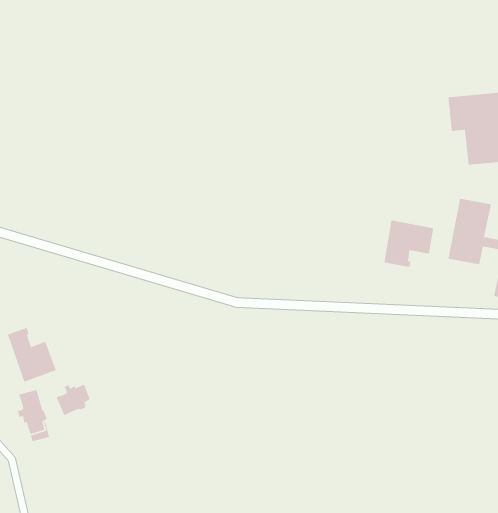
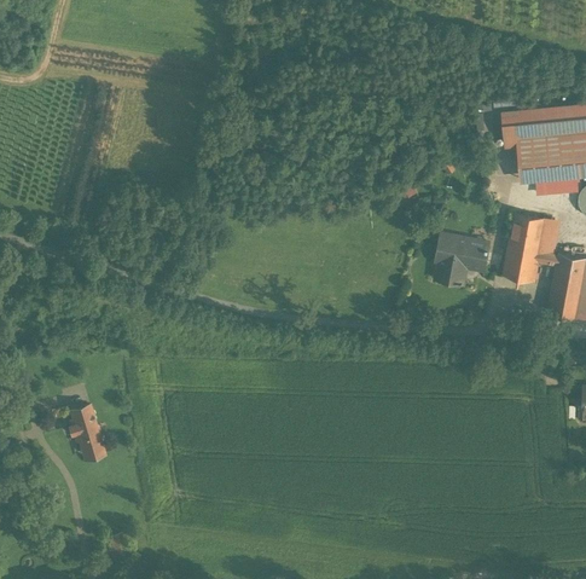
building: [7,327,57,383] -> none
building: [55,384,91,416] -> none

